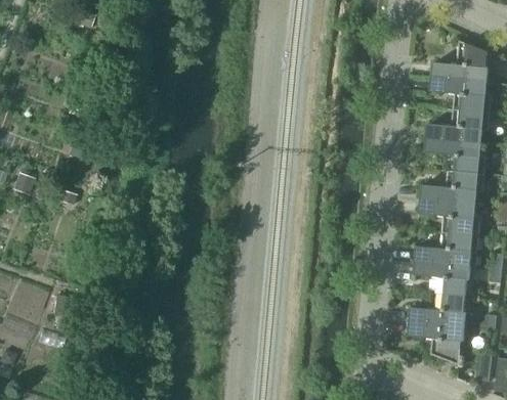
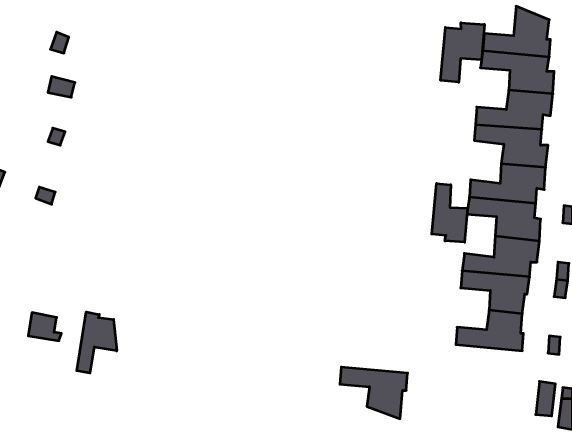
building: none -> [441,23,484,82]
building: none -> [432,183,467,242]
building: none -> [77,312,117,373]
building: [408,321,464,364] -> [340,367,408,419]

